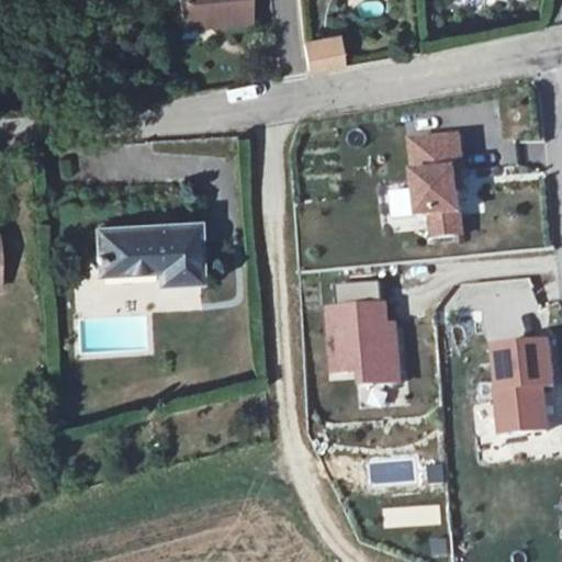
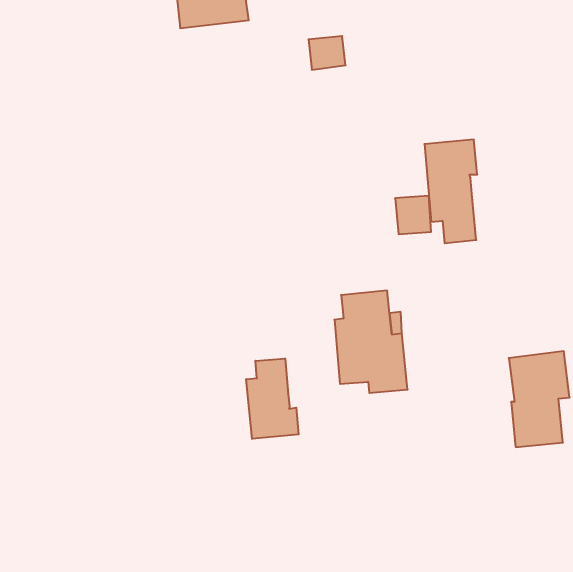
building: [97,218,205,289] -> none
building: none -> [246,358,299,439]

